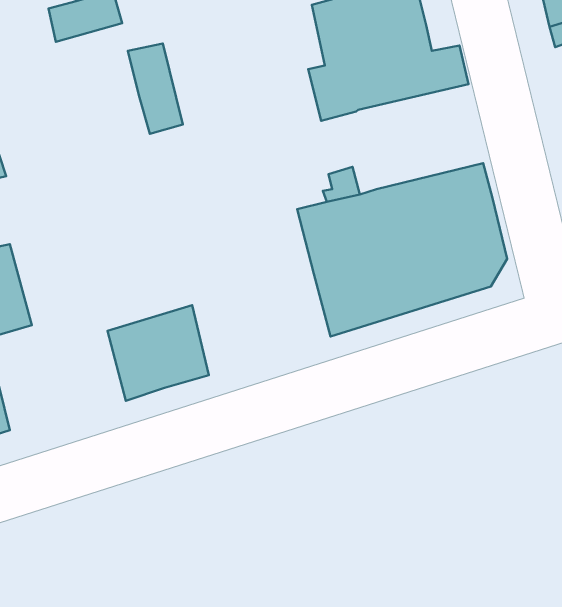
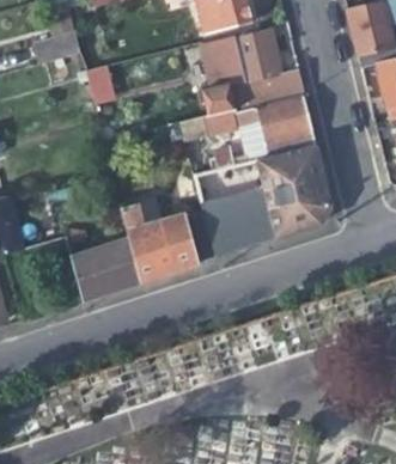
building: none -> [166,97,316,161]
building: none -> [120,200,217,282]

